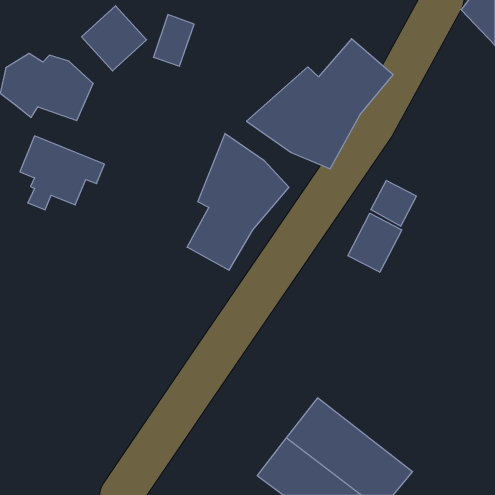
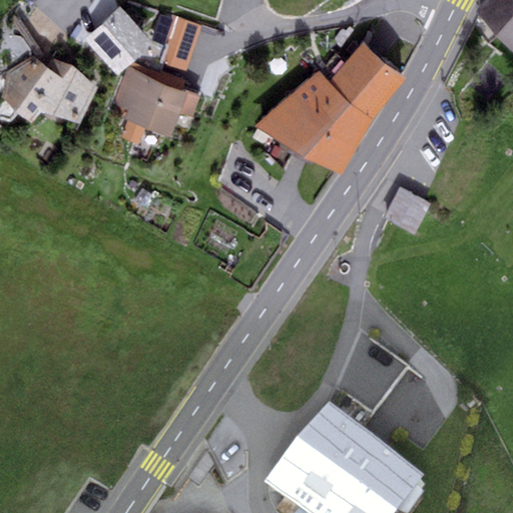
building: [187,133,289,270] -> none
building: [20,136,104,210] -> [112,66,199,142]
building: [348,213,402,272] -> none

